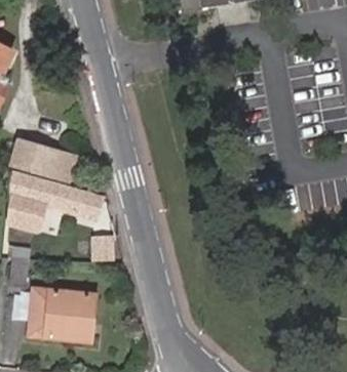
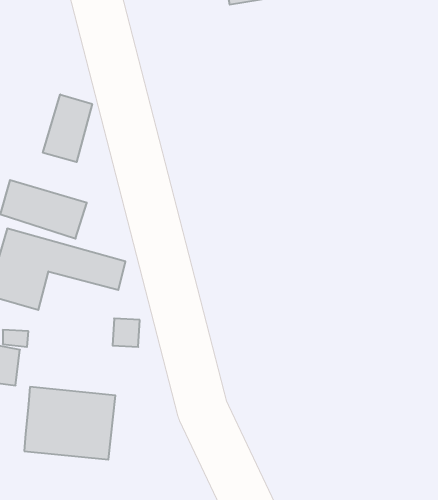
building: none -> [43,94,92,162]

